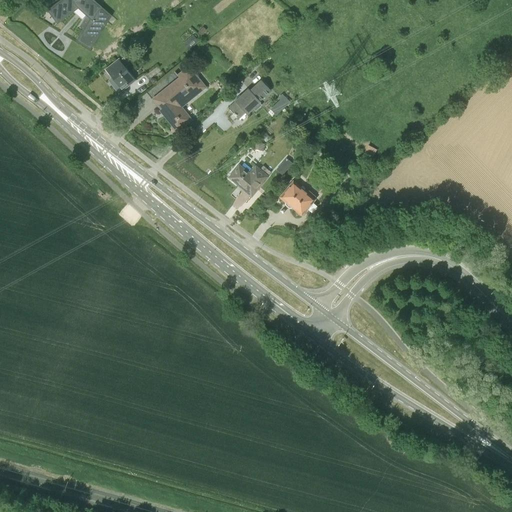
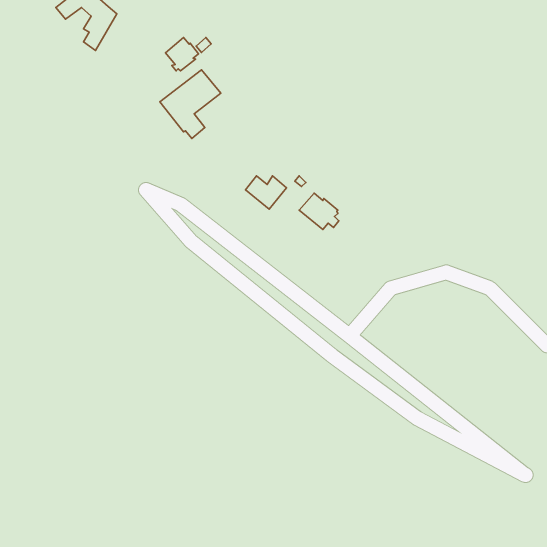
building: [106,57,137,88] -> [165,38,199,71]
building: [227,81,266,119] -> none

